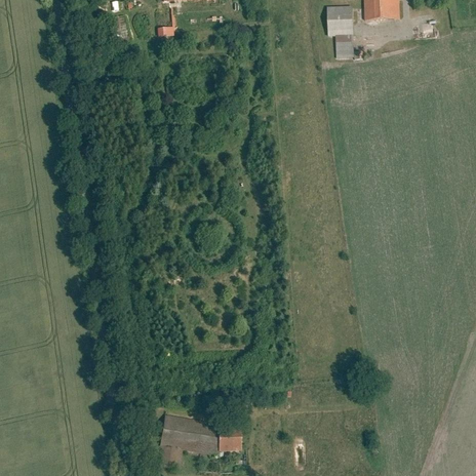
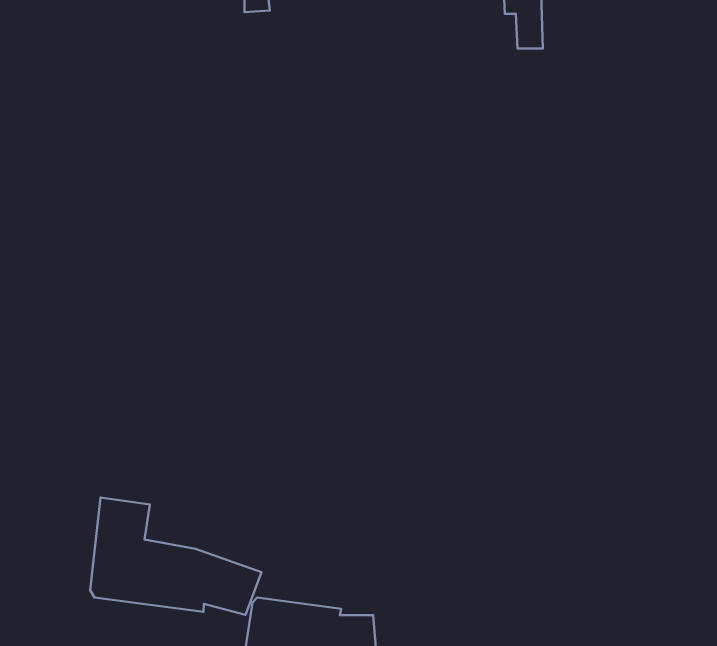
building: none -> [90,498,261,615]

